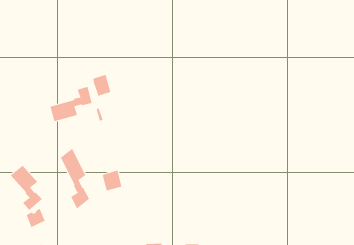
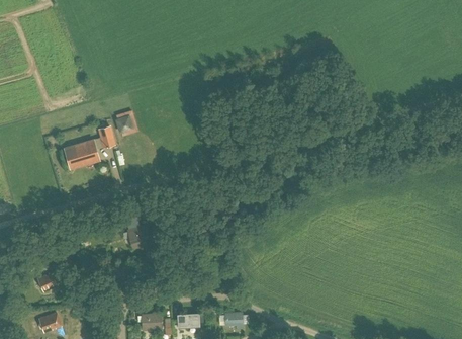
building: [60,148,90,210] -> none
building: [10,165,43,211] -> none

